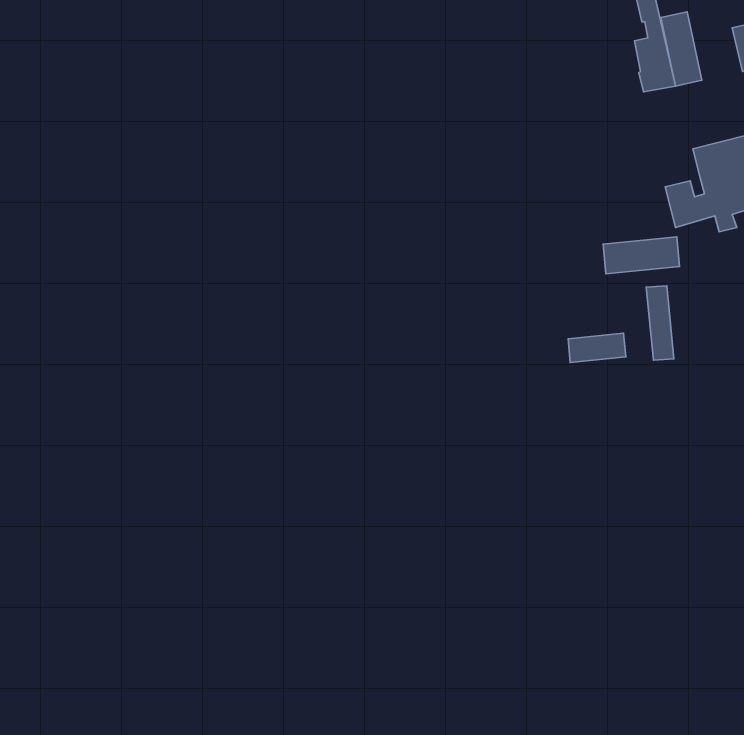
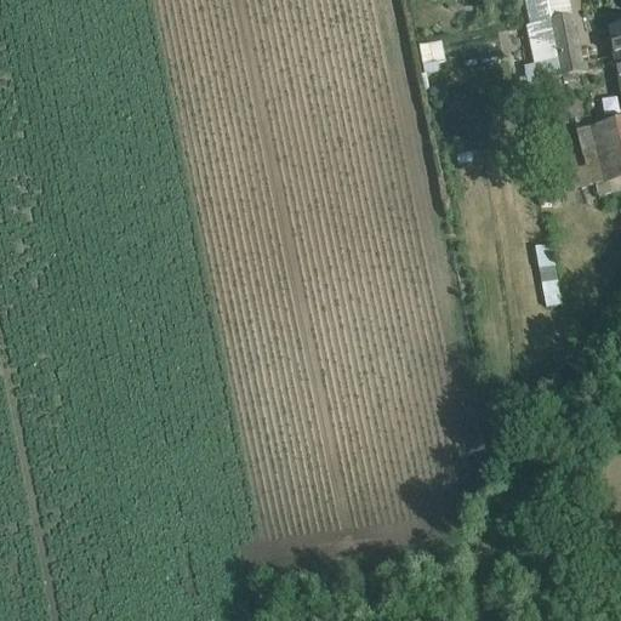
building: [603,237,680,274] -> none
building: [568,333,626,362] -> none

